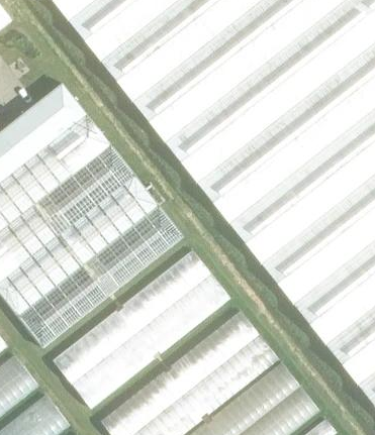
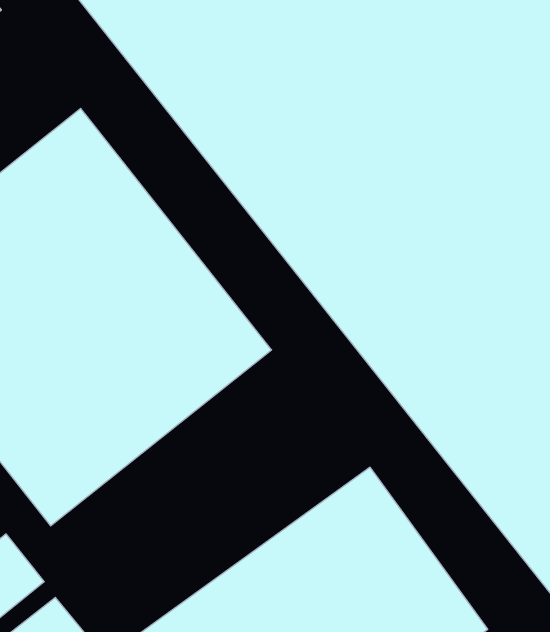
building: [52,250,232,405] -> none

